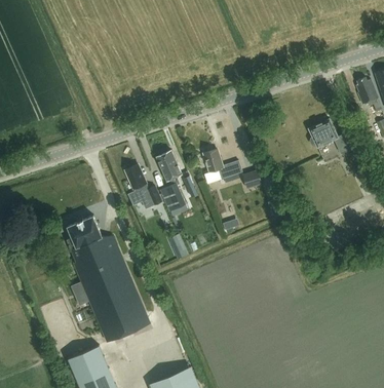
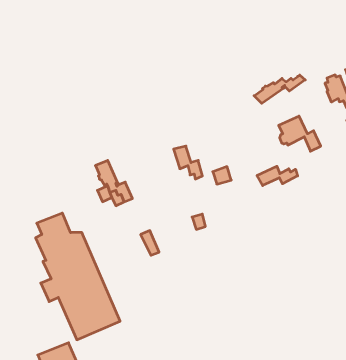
building: none -> [254,75,305,103]
building: [158,150,187,210] -> none
building: none -> [257,166,298,186]

